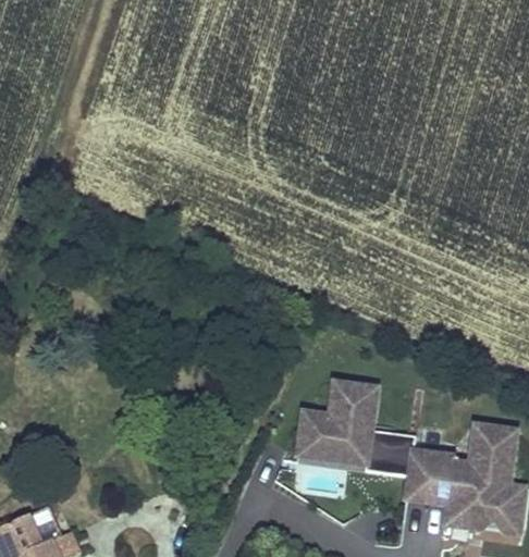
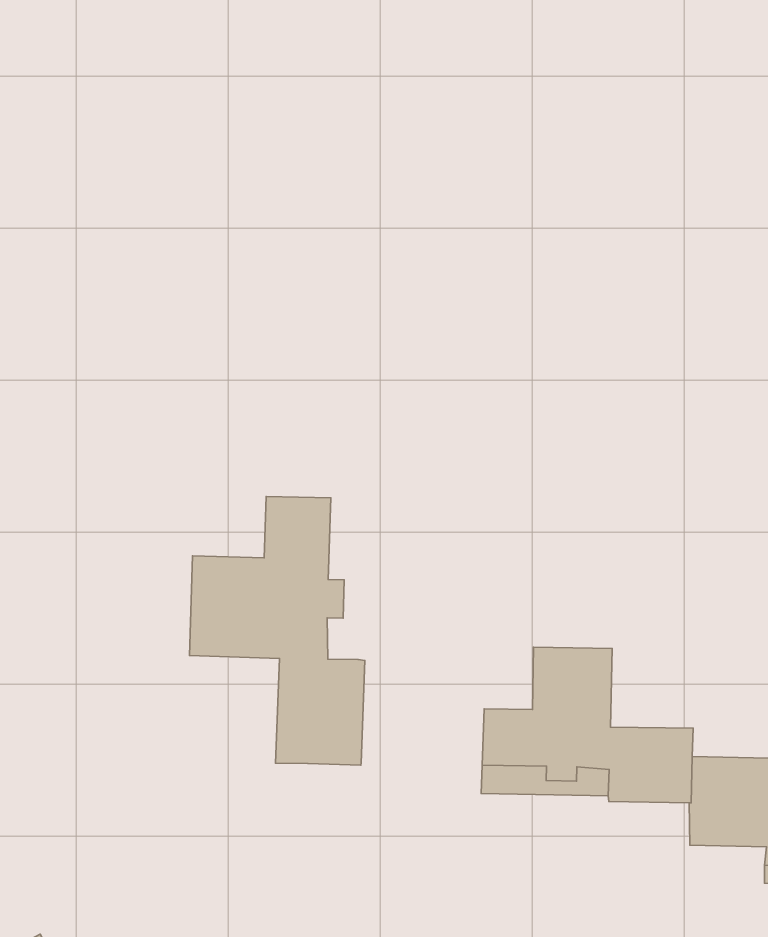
building: none -> [189,497,365,765]

